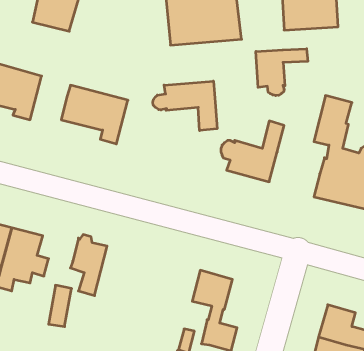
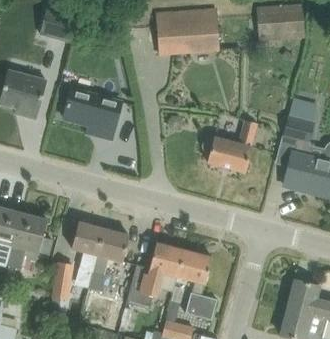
building: [256,49,308,96] -> none
building: [153,81,217,131] -> none
building: none -> [87,228,129,290]
building: none -> [126,242,184,307]

